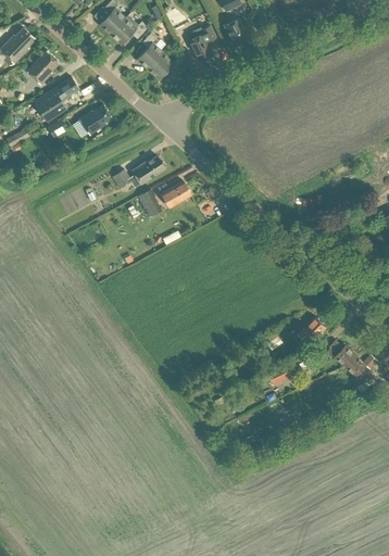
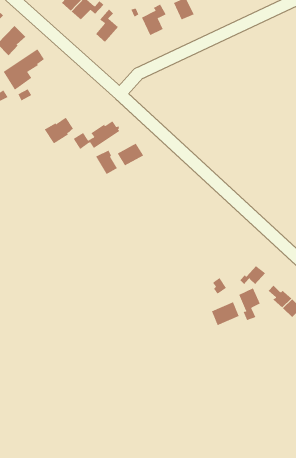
building: [148,51,185,78] -> none
building: [78,103,112,134] -> [44,117,74,144]
building: none -> [238,288,260,321]

